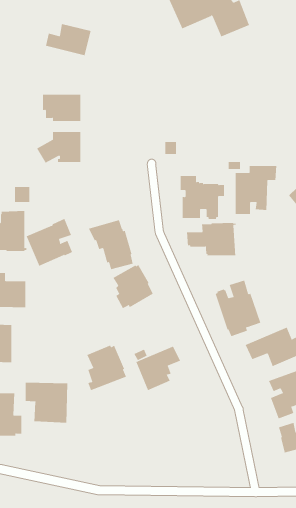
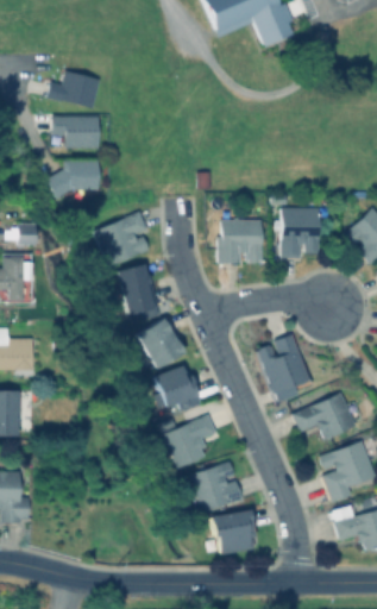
building: [45,24,91,56] -> [46,71,101,109]
building: [26,218,73,266] -> [94,211,150,268]
building: [187,222,236,256] -> none
building: [87,345,127,391] -> [153,365,201,420]
building: [25,382,68,423] -> none
building: none -> [190,462,243,511]
building: none -> [211,509,255,555]

